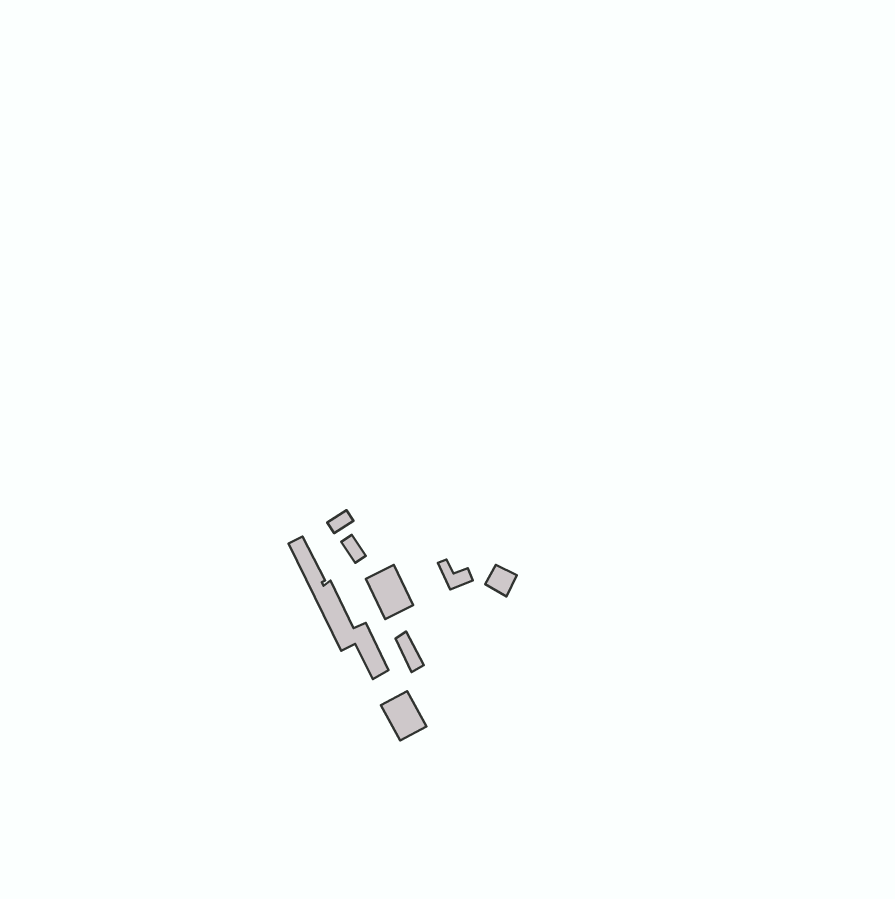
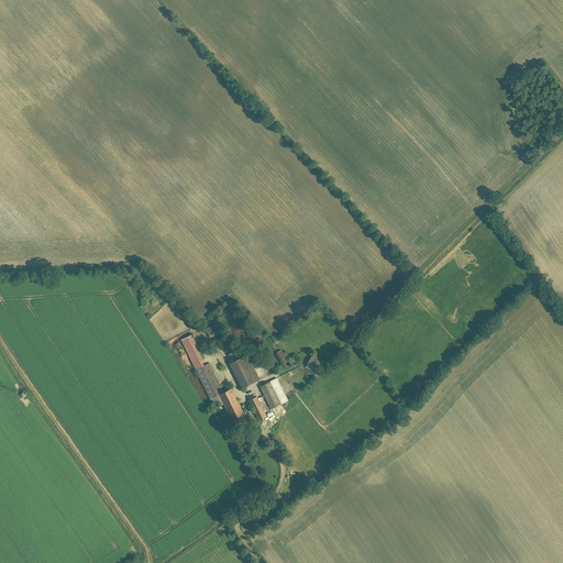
building: [381,691,426,740] -> [258,377,287,408]

